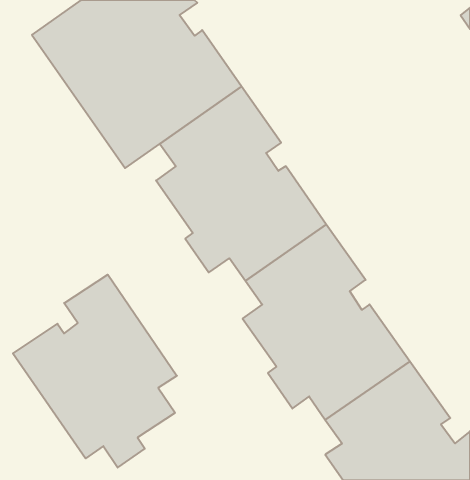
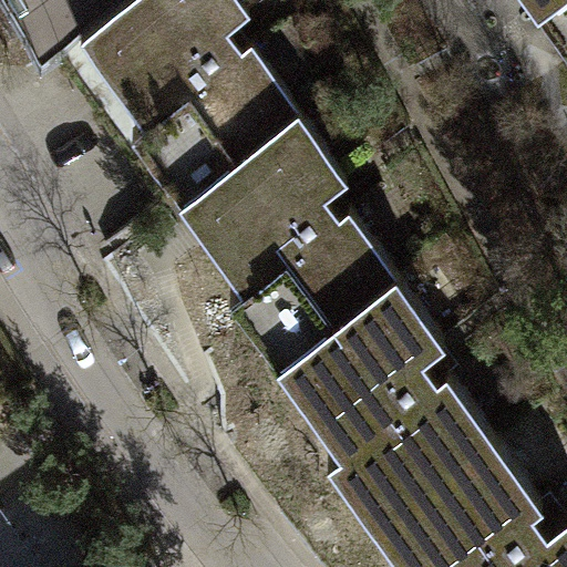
building: [13,275,177,468] -> none

